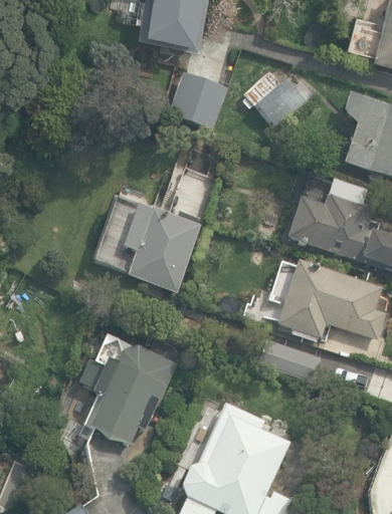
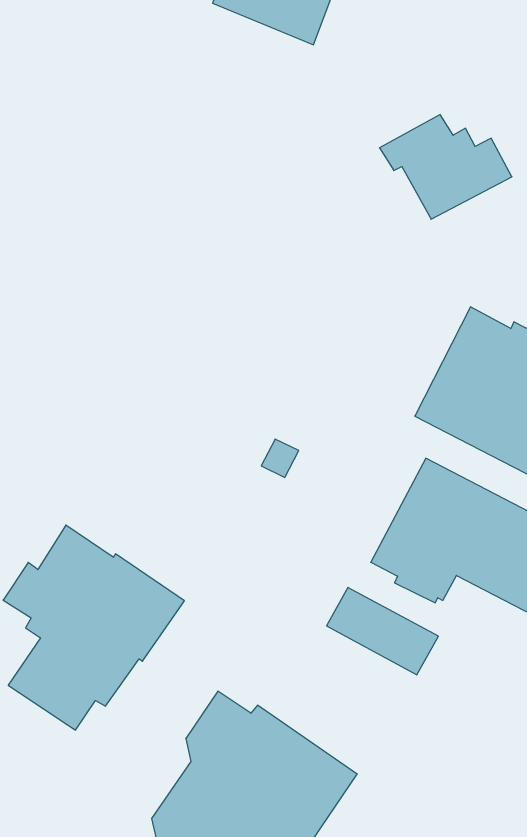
building: [170,72,228,128] -> none
building: [92,194,202,292] -> none

